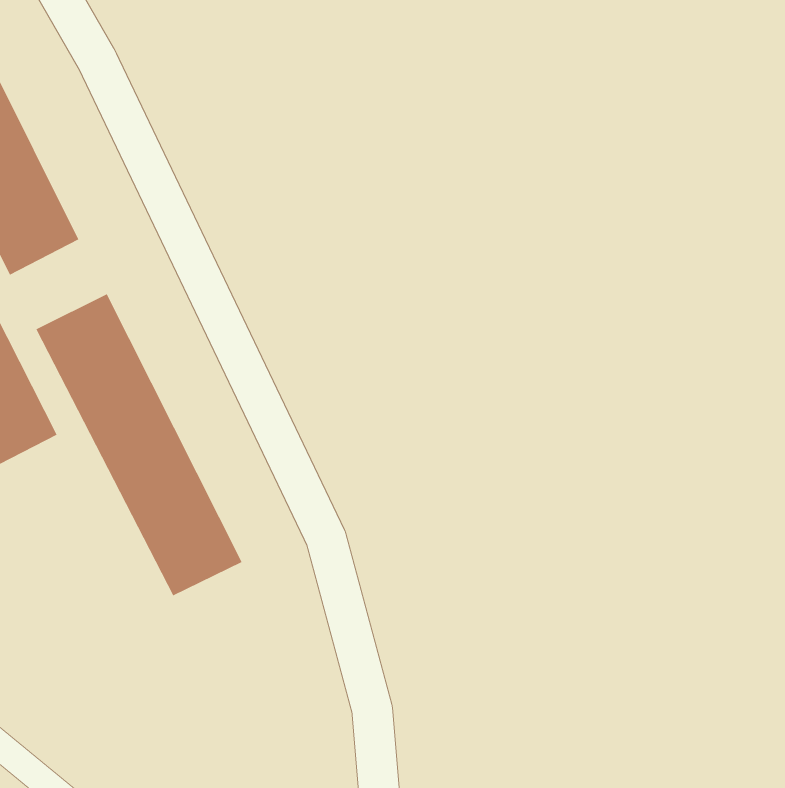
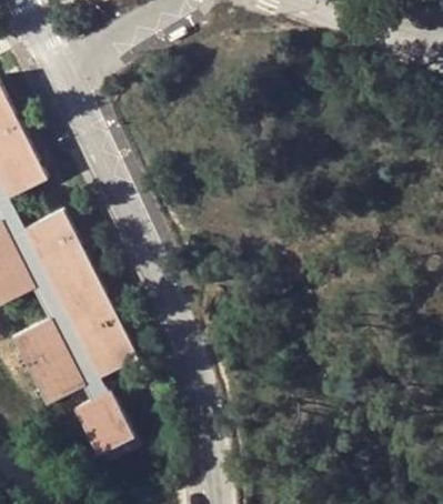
building: none -> [11,317,84,404]
building: none -> [73,391,133,456]

